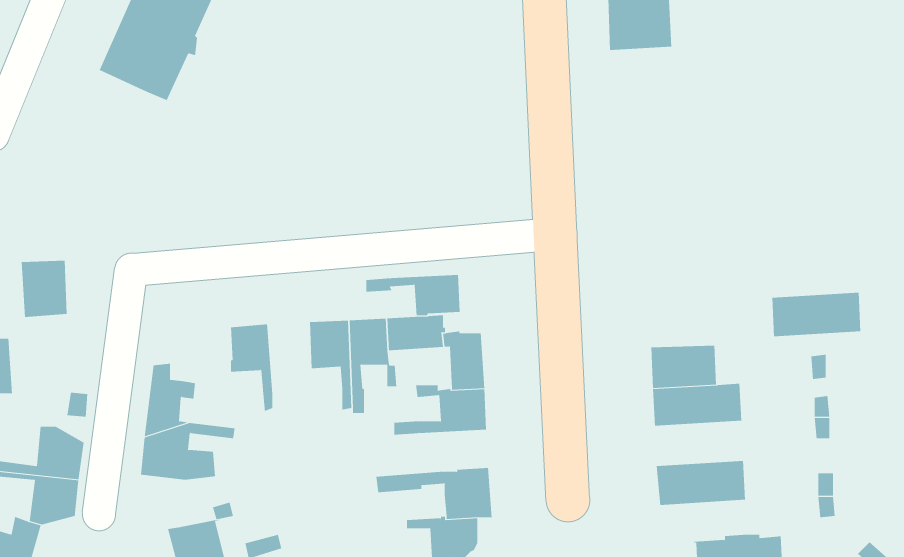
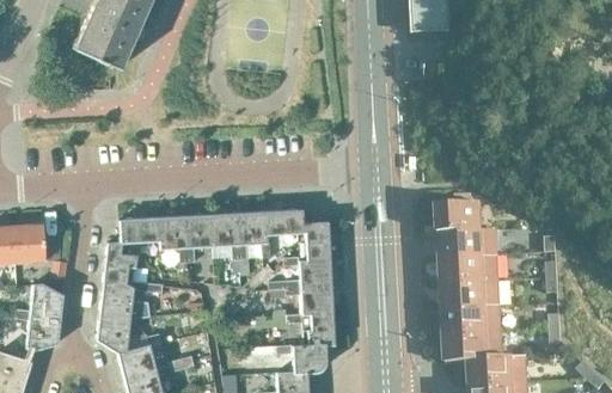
building: [21,260,67,318] -> [13,225,44,263]
building: [365,274,461,316] -> [269,287,332,314]
building: none -> [439,192,483,232]
building: [771,292,861,337] -> [442,281,502,311]
building: none -> [185,215,214,263]
building: none -> [120,219,161,254]
building: none -> [98,317,130,352]
building: none -> [446,333,504,363]

